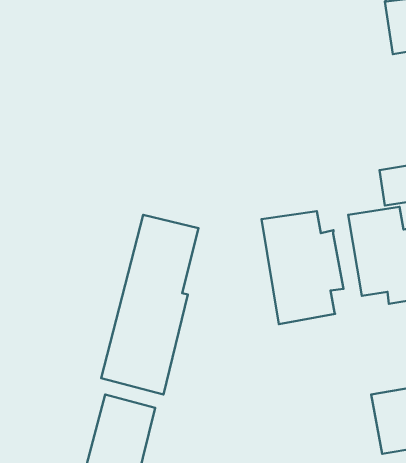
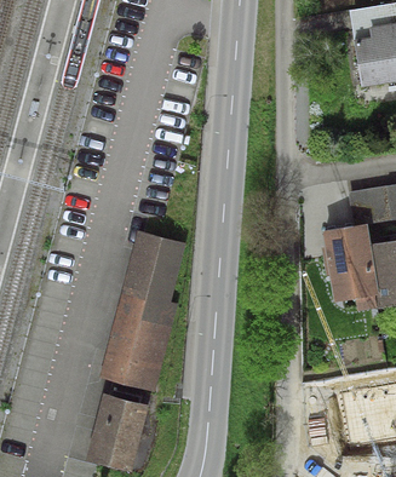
building: [261,211,344,324] -> none

